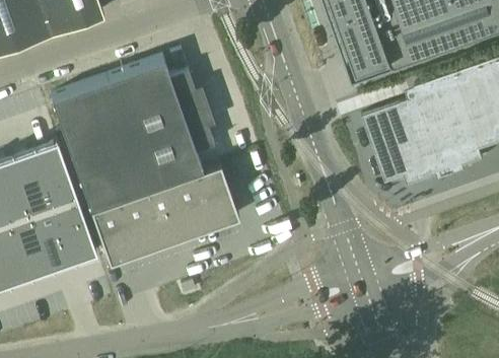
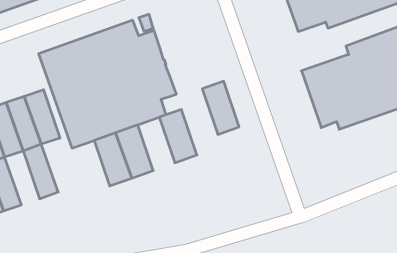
building: [168,174,212,237] -> [202,81,239,134]
building: [54,199,96,263] -> none
building: [90,202,135,265] -> none
building: [10,214,52,278] -> none

